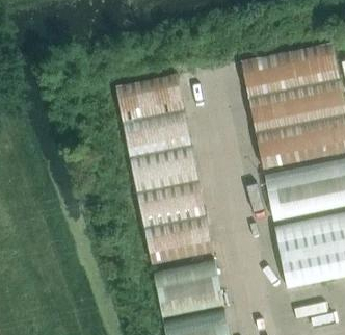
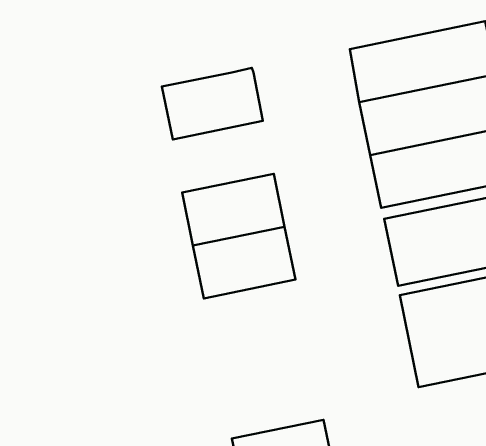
building: [124,109,191,157] -> none
building: [144,215,213,263] -> none
building: [153,260,223,316] -> none

